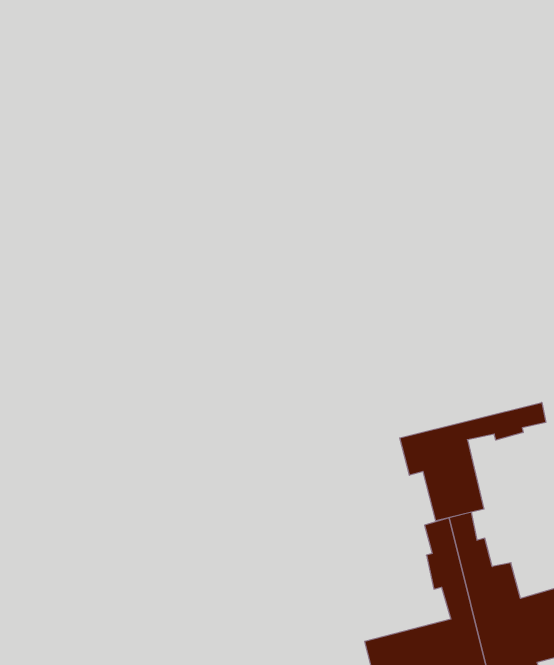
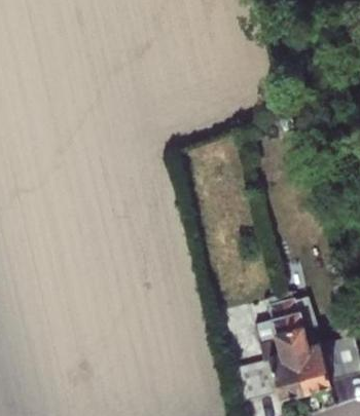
building: [400,402,546,521] -> none

